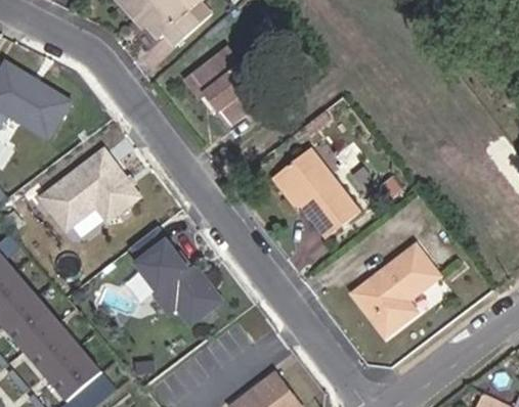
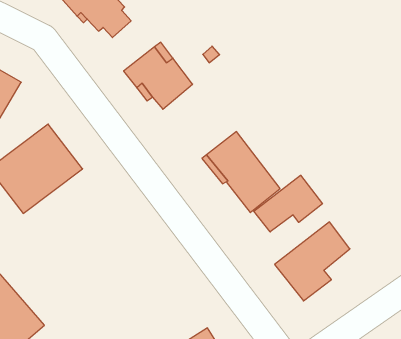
building: none -> [254,175,322,232]
building: [124,228,221,330] -> none

